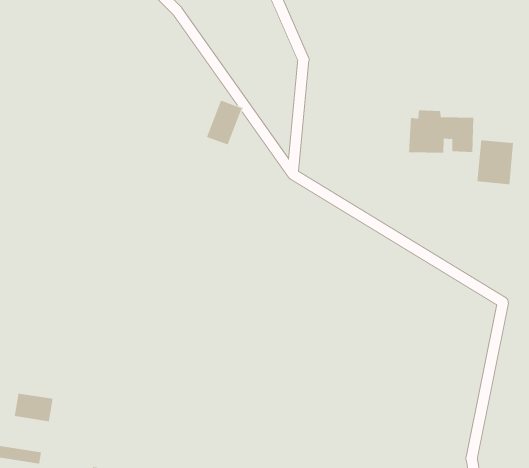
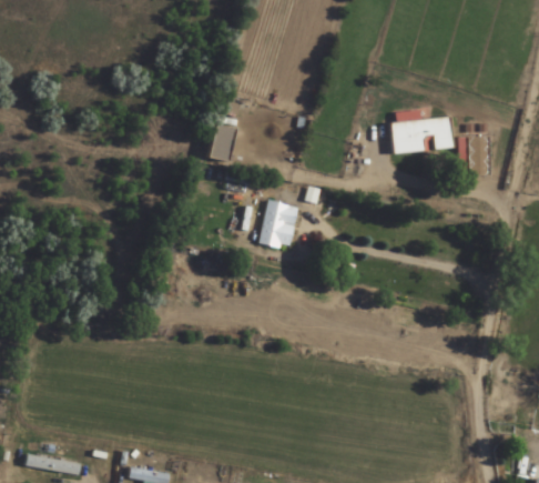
building: none -> [260,201,297,248]
building: [14,393,53,422] -> none

